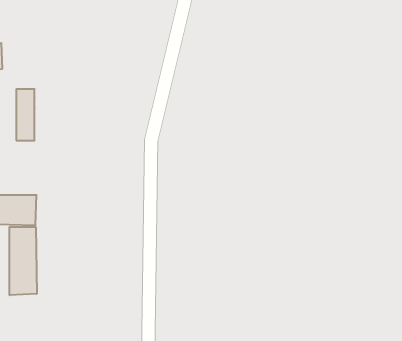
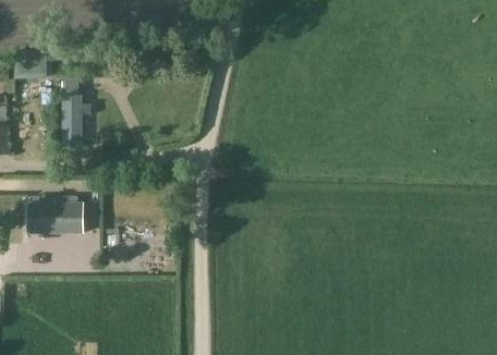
building: [10,227,37,295] -> none

